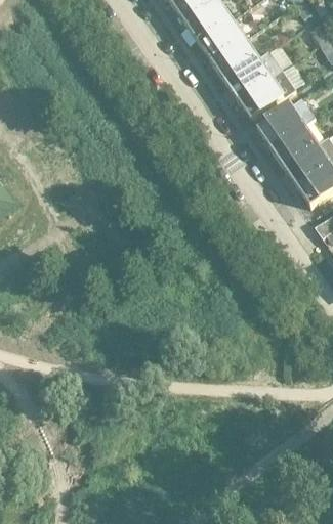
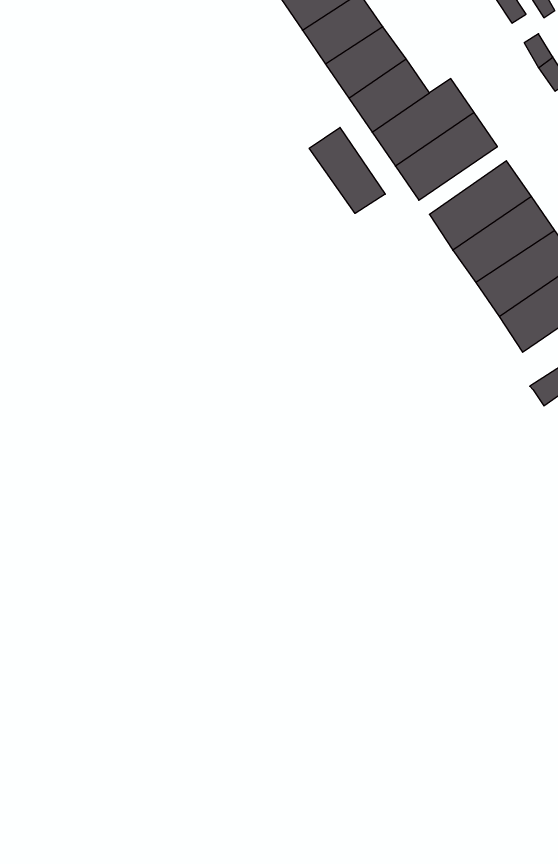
building: none -> [309,127,385,213]

